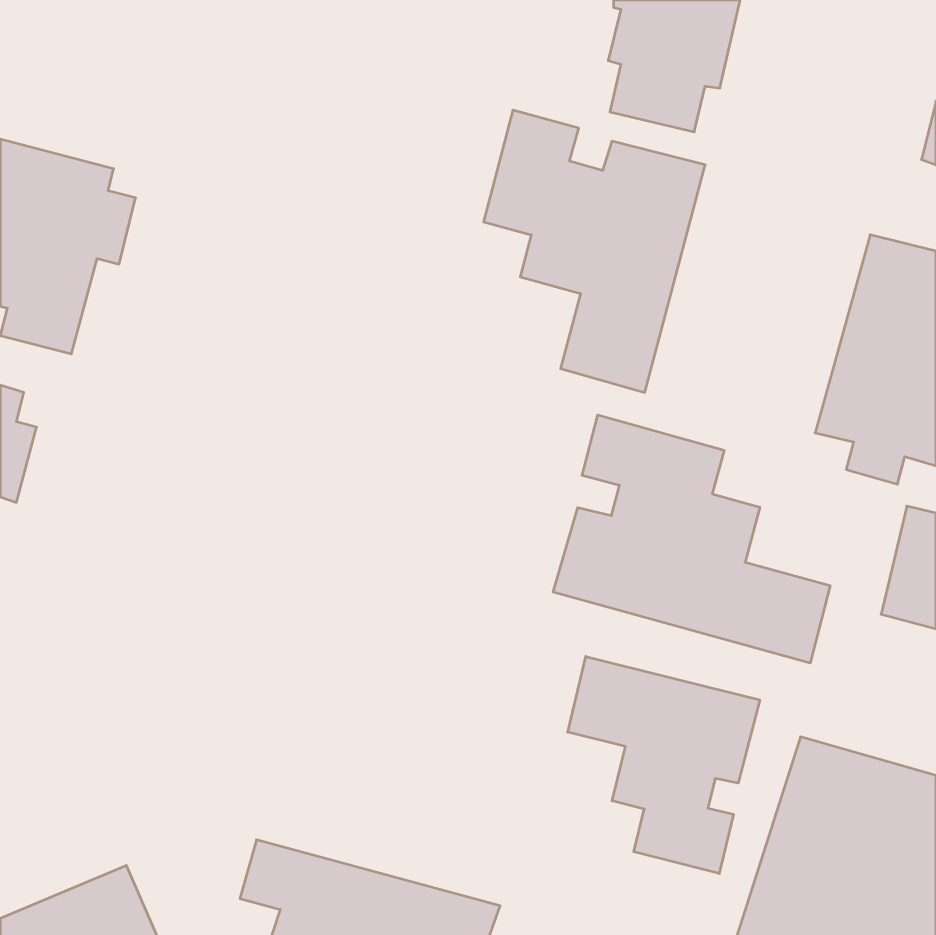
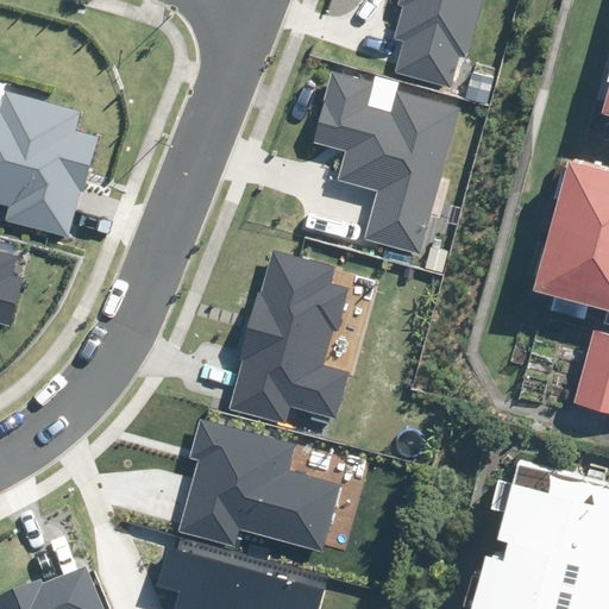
building: none -> [228,249,352,425]
building: [553,415,830,663] -> none
building: none -> [180,420,341,553]
building: [568,656,760,874] -> none

